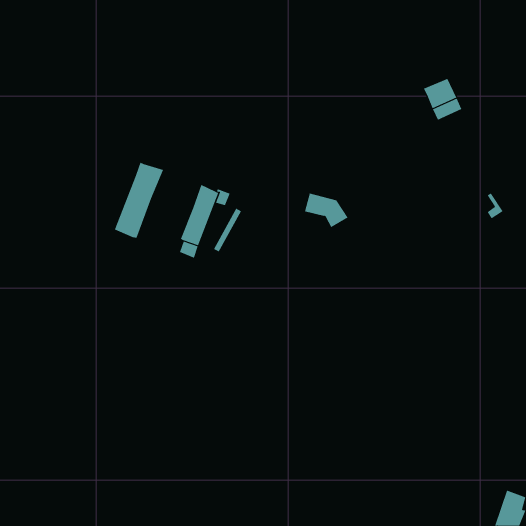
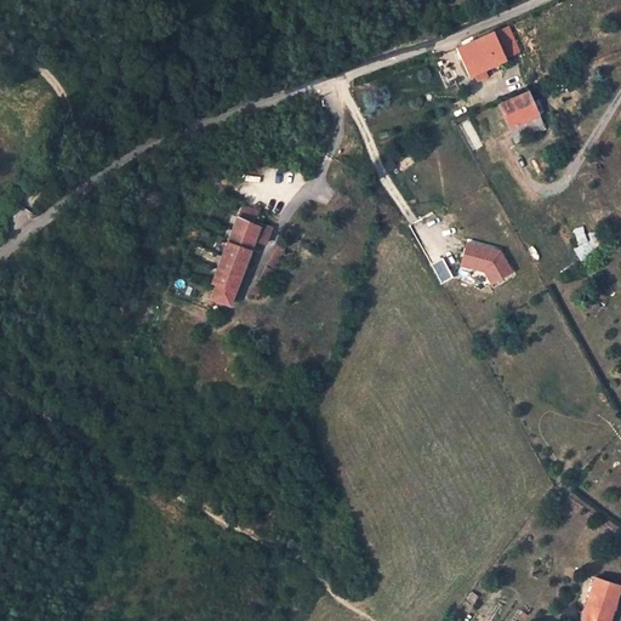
building: none -> [457,32,506,76]
building: [114,162,164,239] -> none
building: [304,193,348,228] -> [461,243,513,284]

